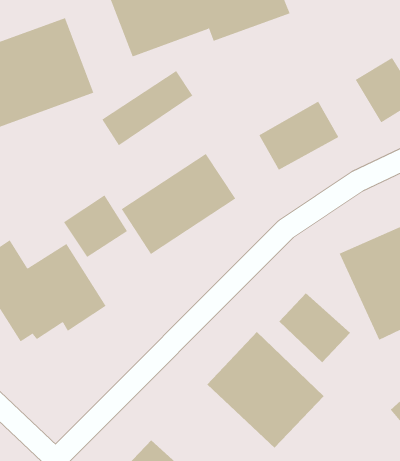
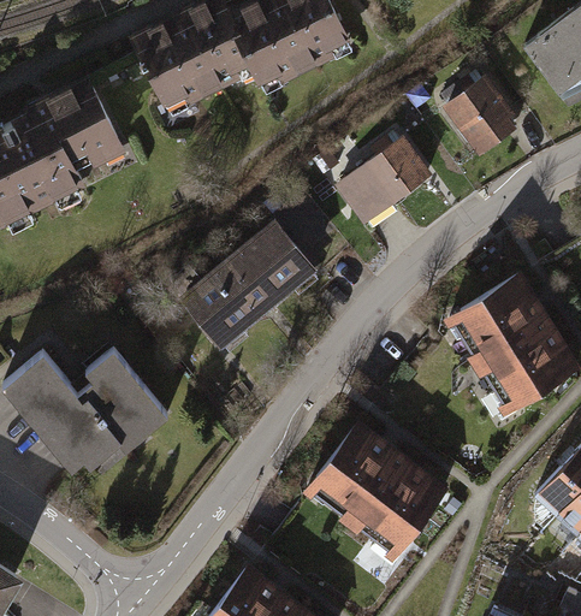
building: [101,70,193,146] -> none
building: [63,195,128,258] -> none
building: [278,292,351,363] -> none

